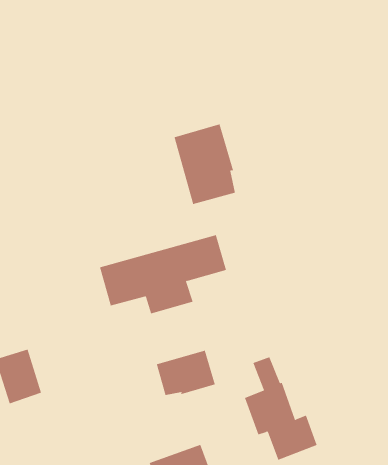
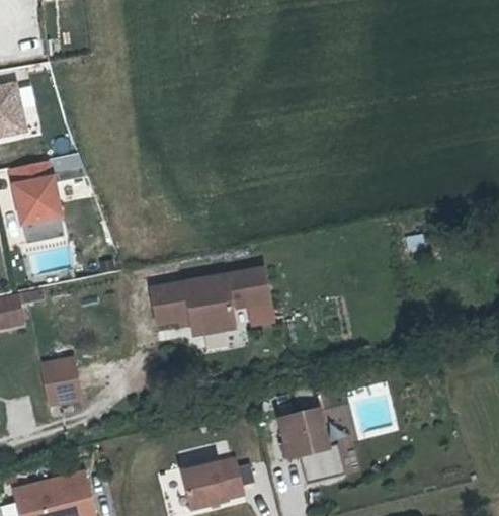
building: [174,123,235,205] -> none
building: [156,350,215,396] -> none

